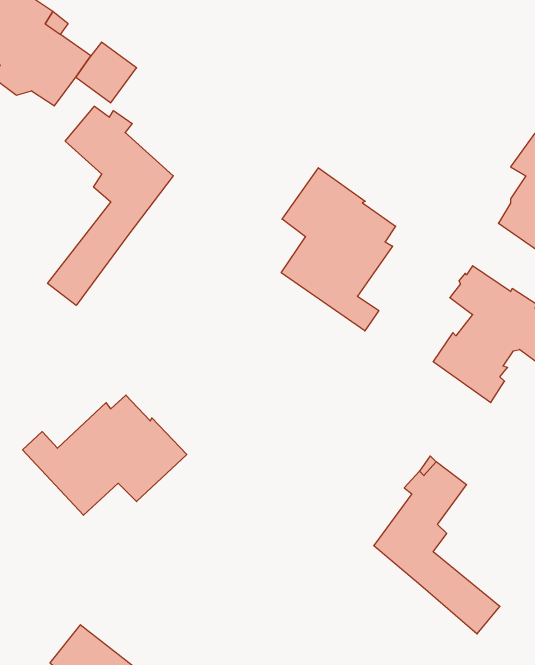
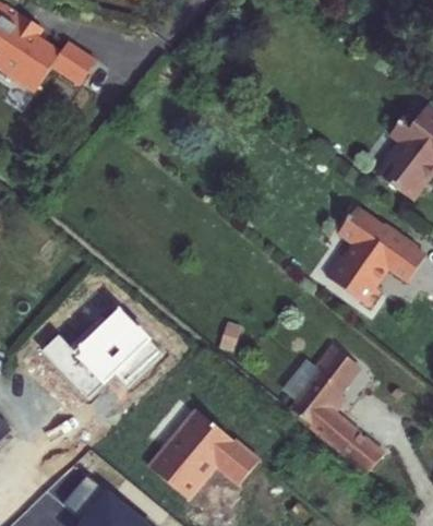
building: [48,106,173,305] -> none
building: [281,168,396,331] -> none
building: none -> [142,399,254,492]

